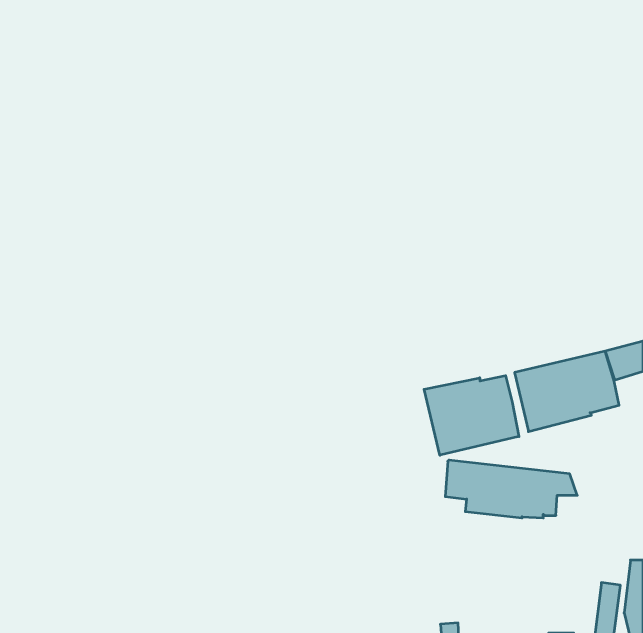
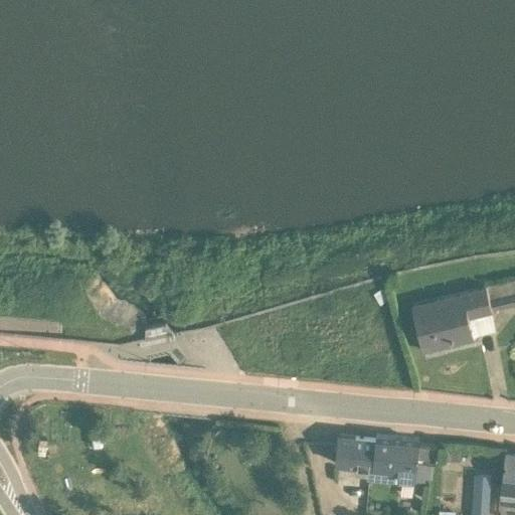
building: [424,376,519,455] -> none
building: [445,460,577,518] -> [336,437,442,483]

